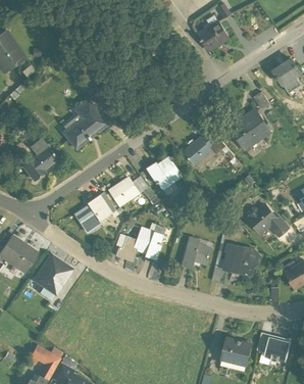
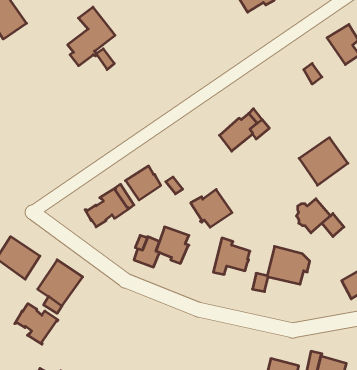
building: [65,99,105,148] -> [68,7,115,66]
building: [232,109,272,149] -> [299,138,348,185]
building: [22,143,56,181] -> none
building: [145,156,180,188] -> [191,189,232,227]
building: none -> [15,304,58,344]

